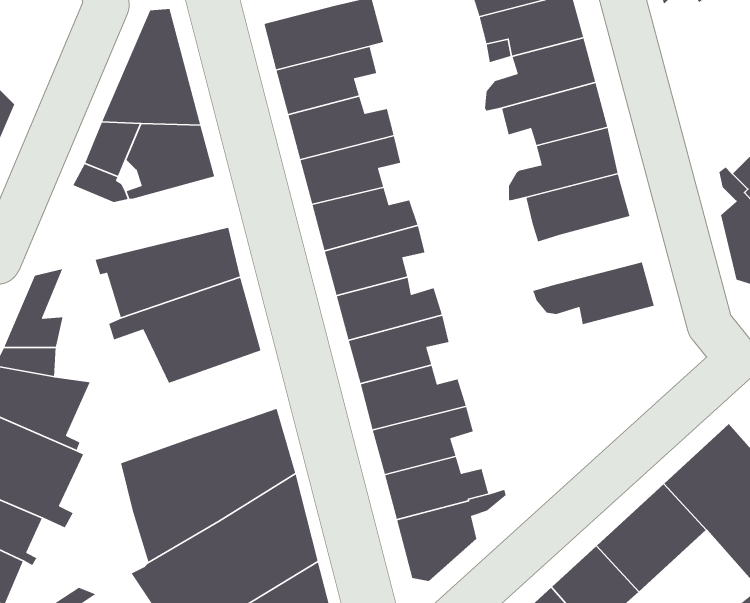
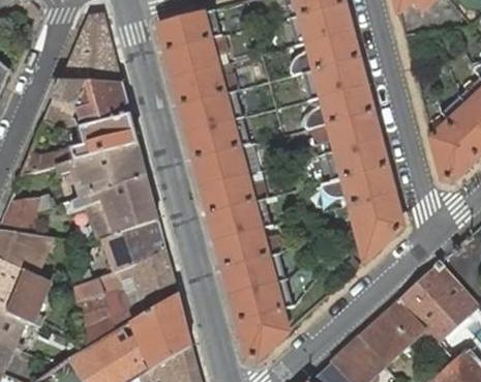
building: none -> [22,116,139,175]
building: none -> [324,140,387,181]
building: none -> [340,194,402,261]
building: none -> [102,221,168,273]

